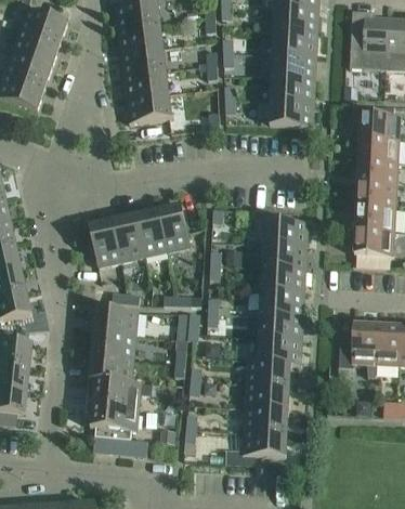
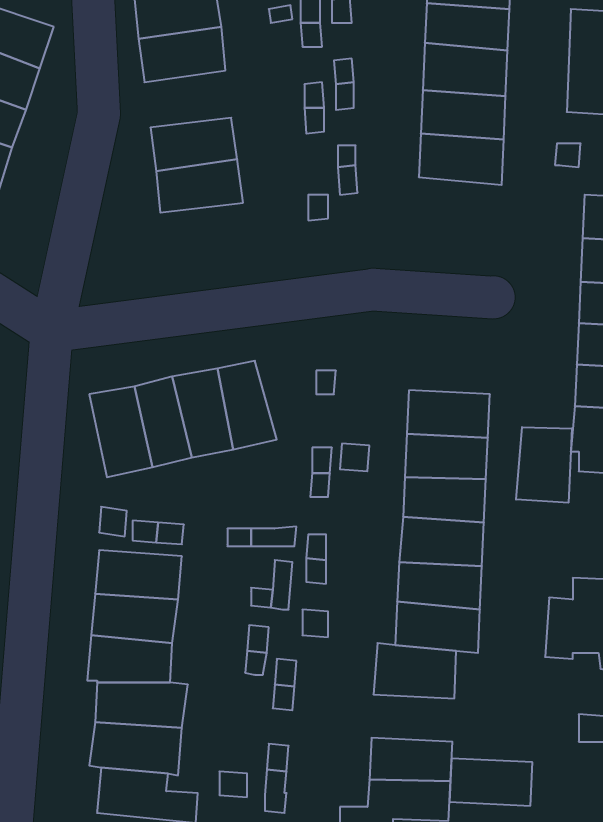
building: [118,44,166,76] -> none
building: [267,103,314,127] -> none
building: none -> [516,427,572,503]
building: [243,387,288,413] -> [450,758,532,806]

